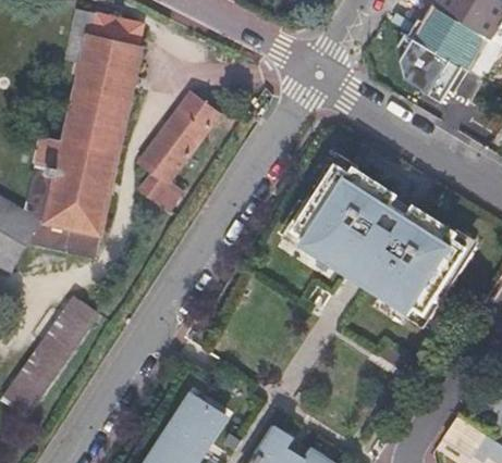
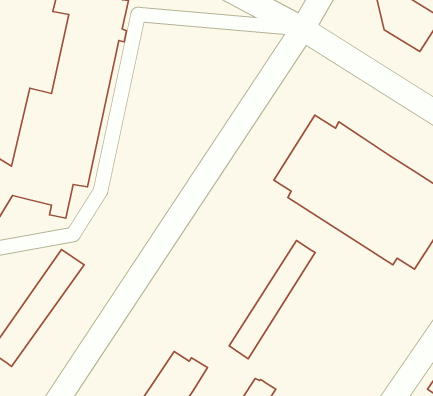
building: [140,93,219,208] -> none
building: none -> [229,240,315,359]

